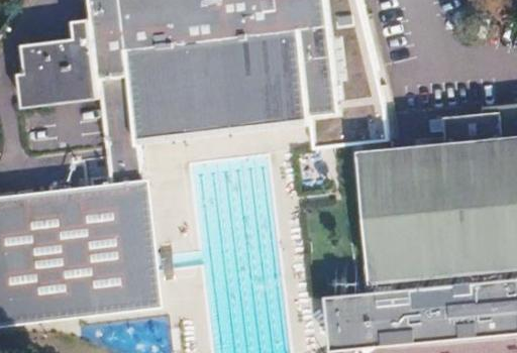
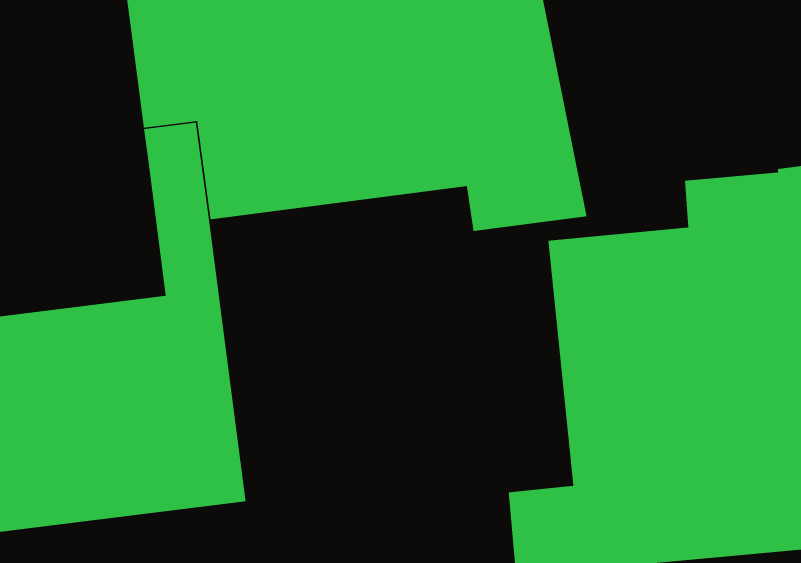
building: [28,27,111,114] -> none

